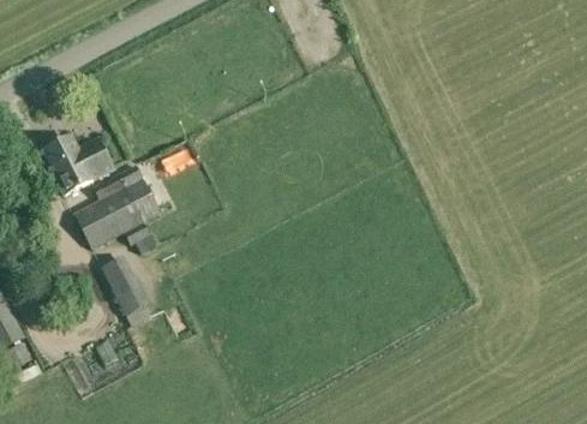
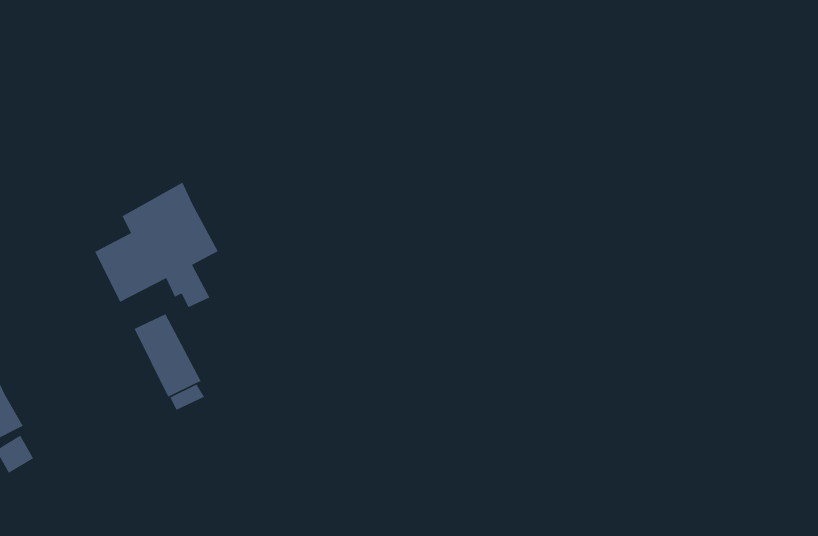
building: [44,136,112,193] -> none

